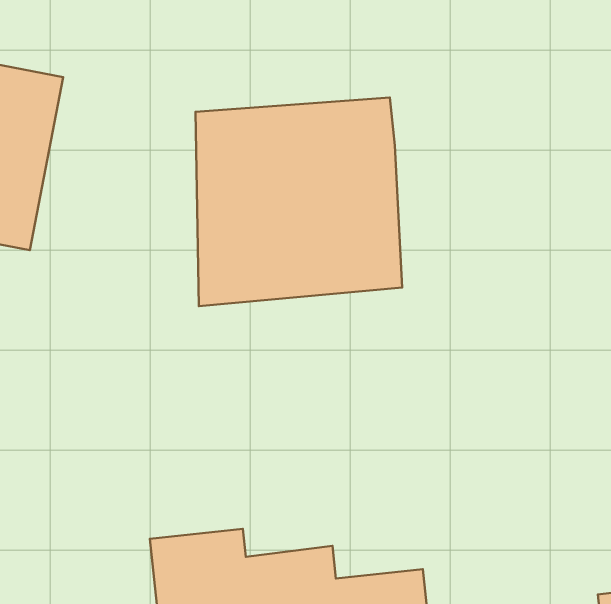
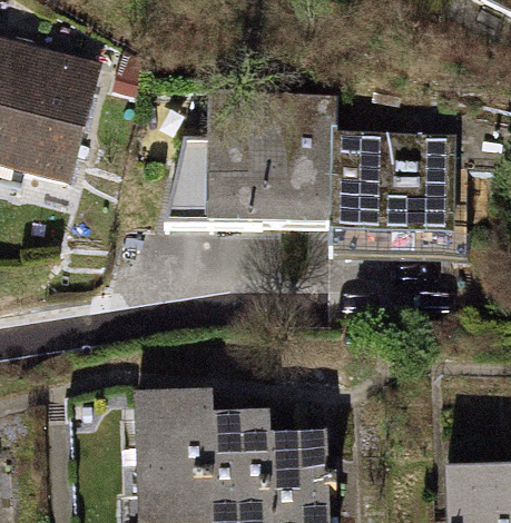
building: none -> [331,136,459,246]

